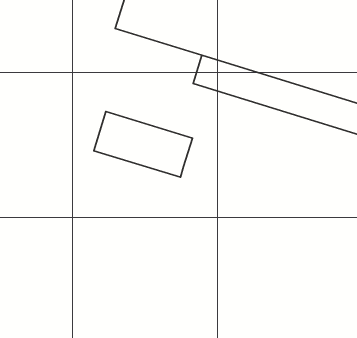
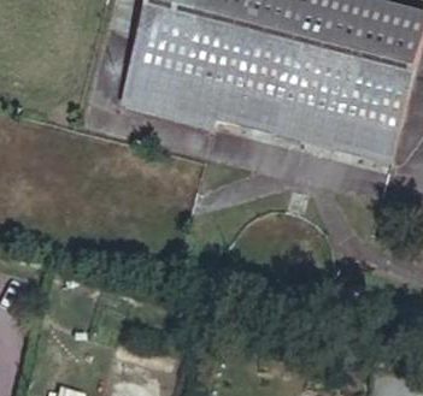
building: [94,112,192,177] -> [117,69,215,130]

